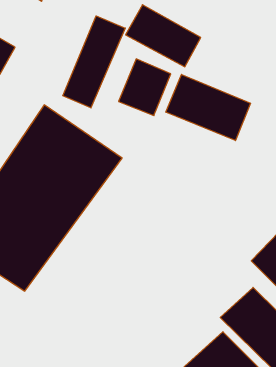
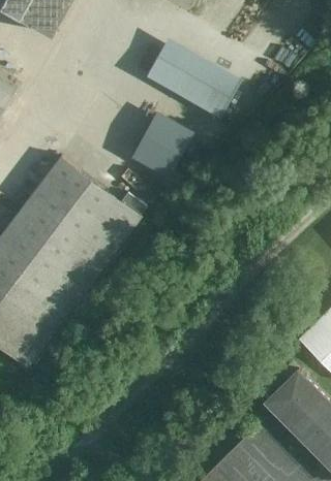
building: [63,16,125,108] -> none
building: [166,74,250,141] -> none

